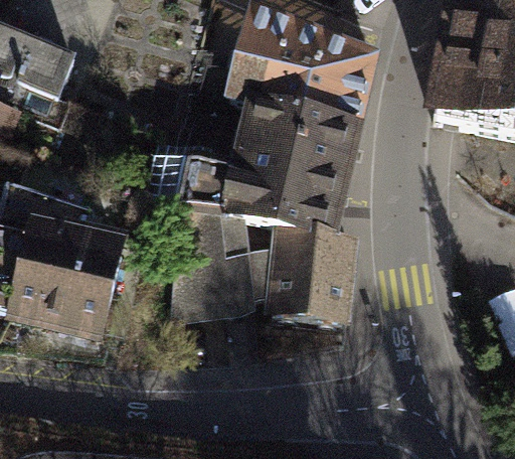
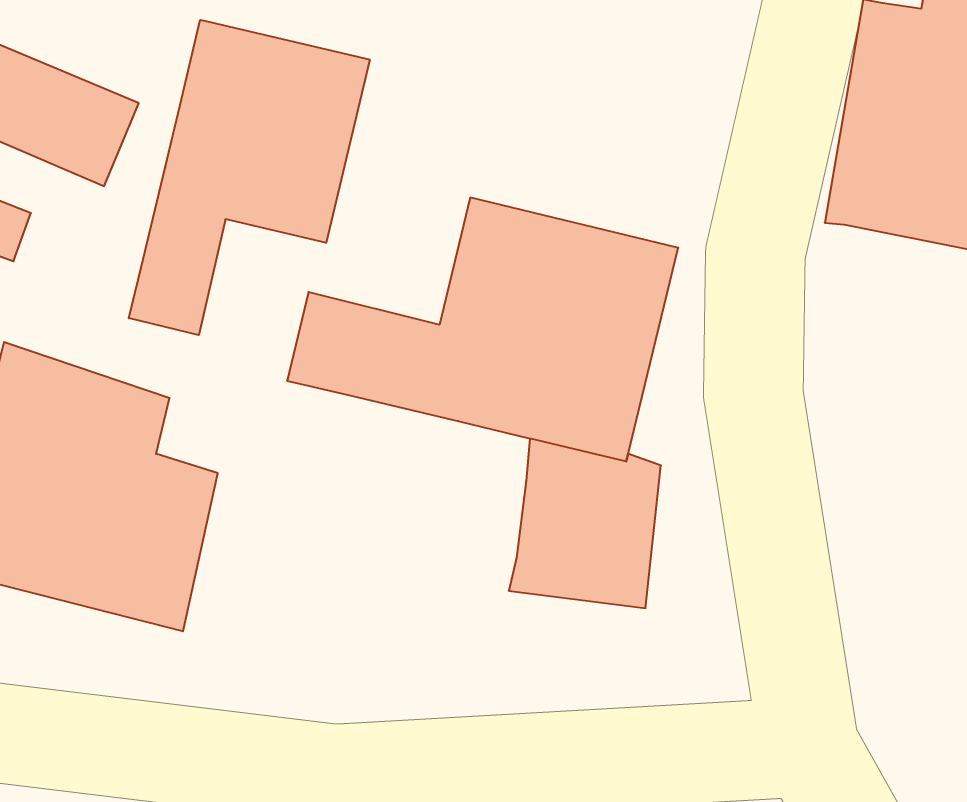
building: [226,9,369,131] -> none
building: none -> [129,20,370,335]
building: [175,207,276,312] -> none

